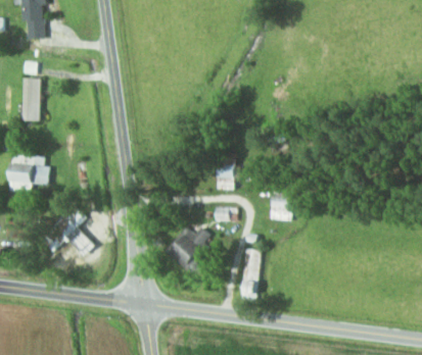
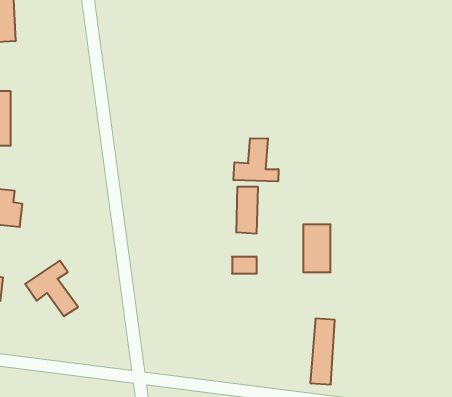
building: none -> [234,138,278,181]
building: [166,225,210,271] -> none
building: [240,249,260,301] -> [310,319,335,384]

